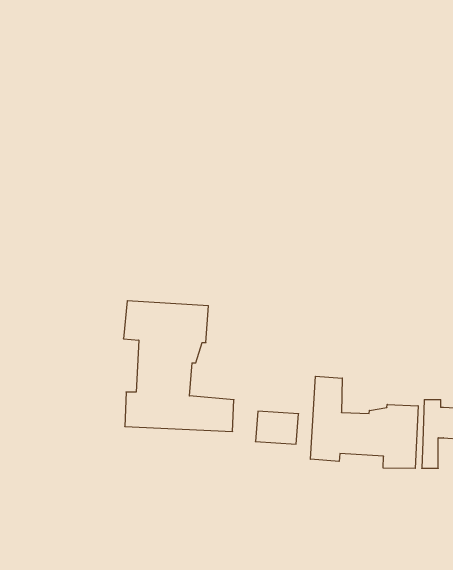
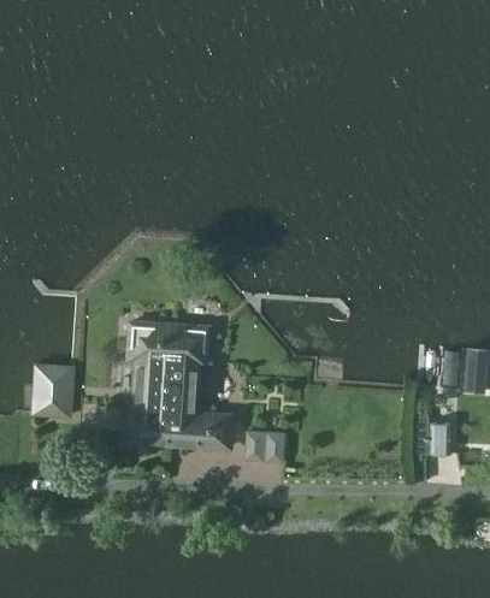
building: none -> [34,366,73,416]
building: [310,376,418,468] -> none

